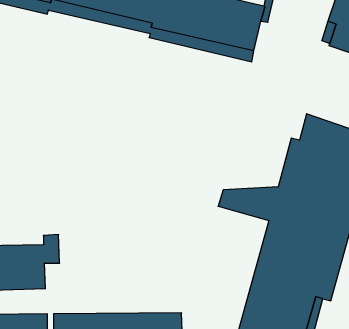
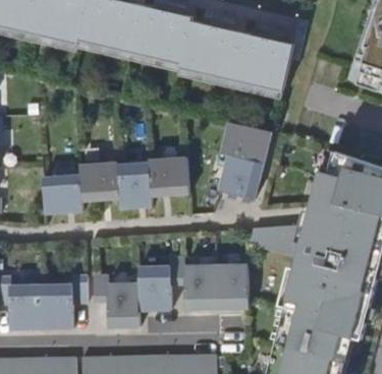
building: none -> [217,122,270,200]
building: none -> [41,158,186,212]
building: none -> [93,254,251,325]

